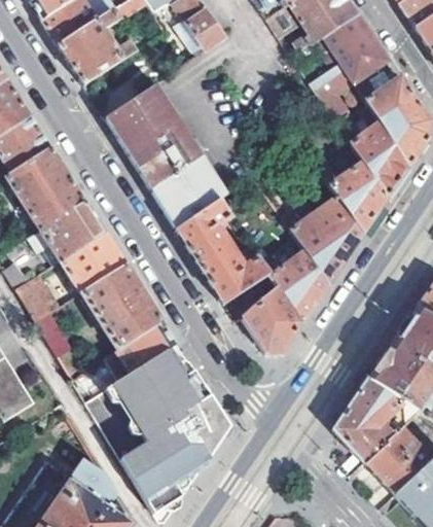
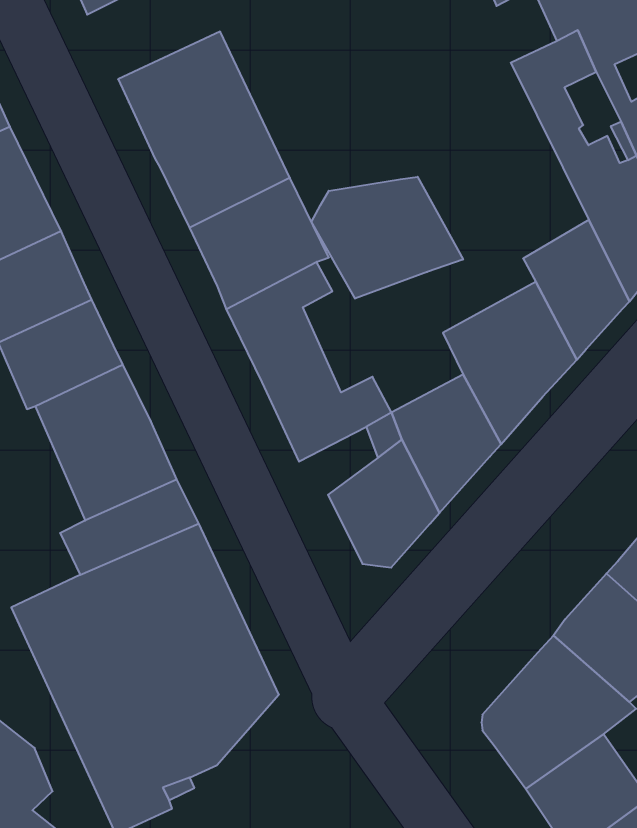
building: none -> [311,177,463,299]

